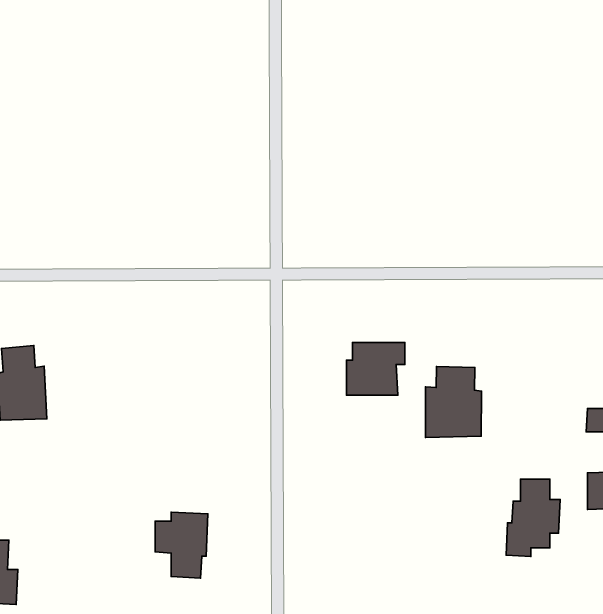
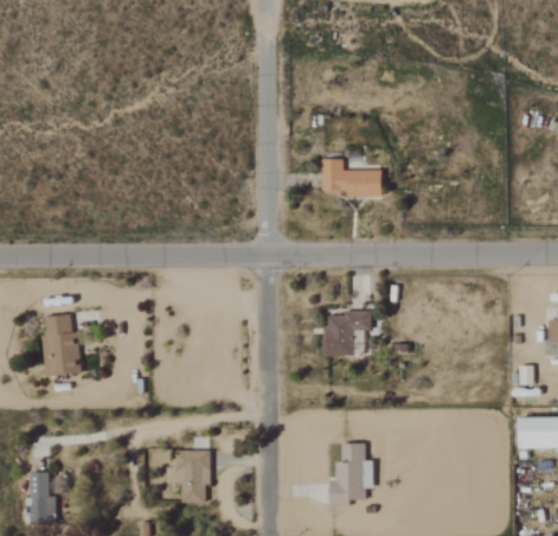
building: none -> [321,160,384,198]
building: [426,367,482,437] -> none
building: [506,479,560,557] -> [331,444,374,506]

